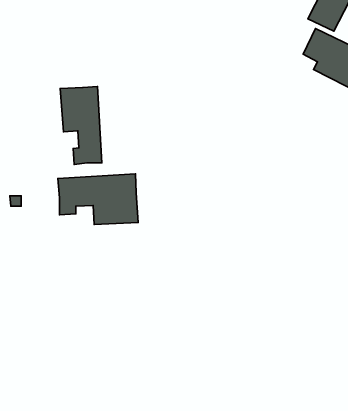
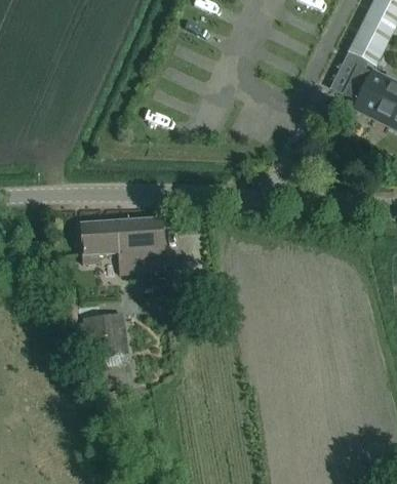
building: [60,86,102,165] -> none
building: none -> [81,312,127,354]

